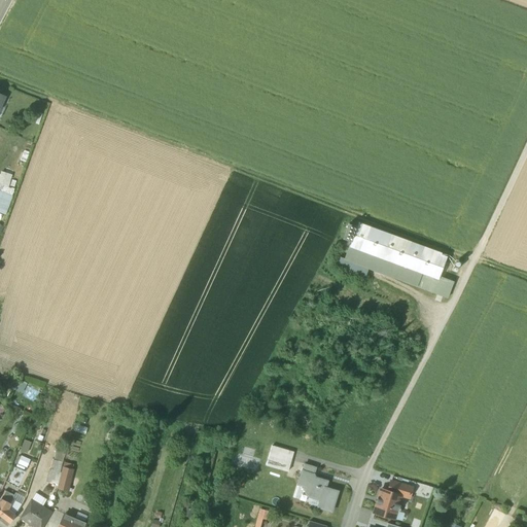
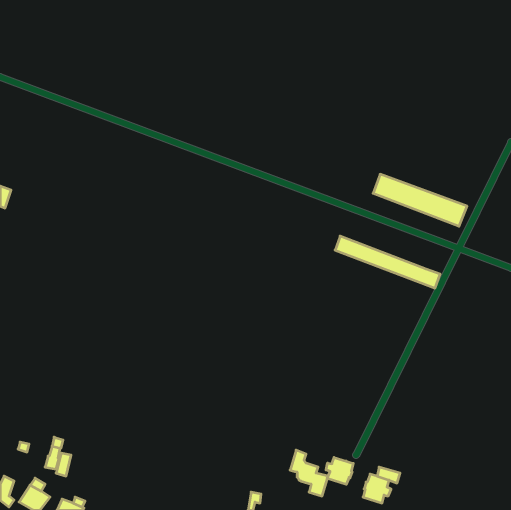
building: [350,223,447,277] -> [373,174,467,226]
building: [262,446,293,470] -> none
building: none -> [326,457,353,484]

